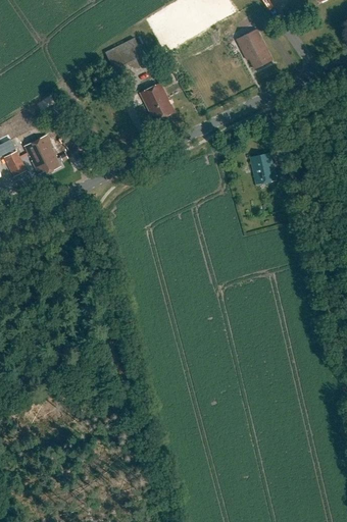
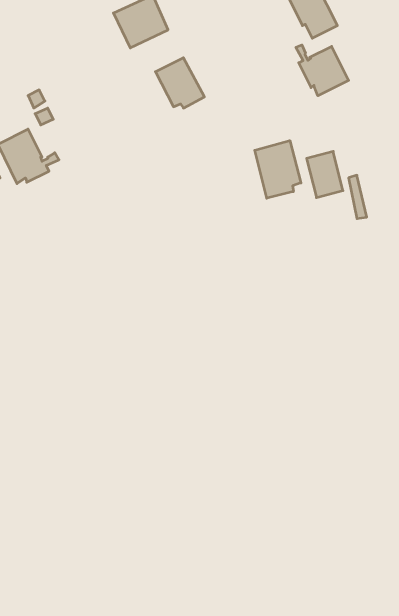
building: none -> [296,45,349,96]
building: none -> [255,141,301,198]

